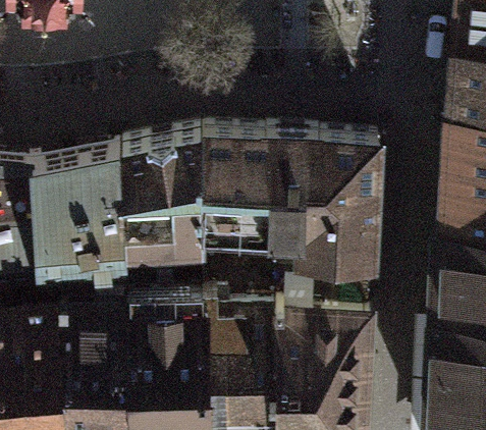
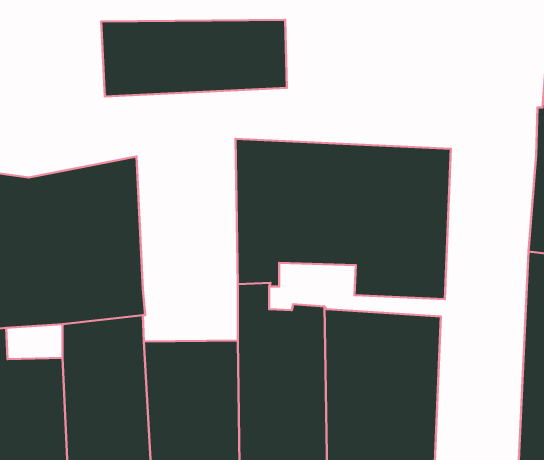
building: none -> [101,20,287,96]
building: [128,133,211,256] -> none

